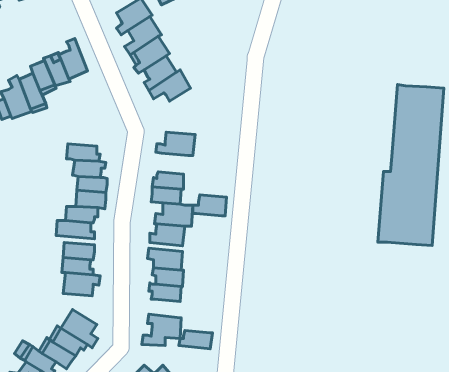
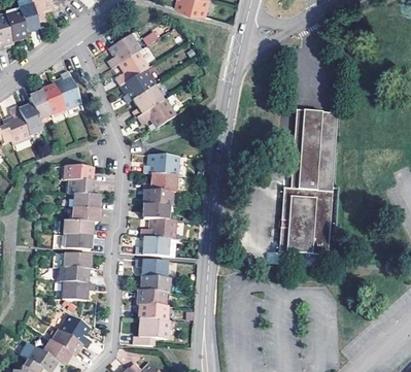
building: [378,85,444,246] -> [280,109,339,252]
building: [193,195,226,216] -> [141,175,171,194]
building: [179,330,213,349] -> [136,305,166,322]

